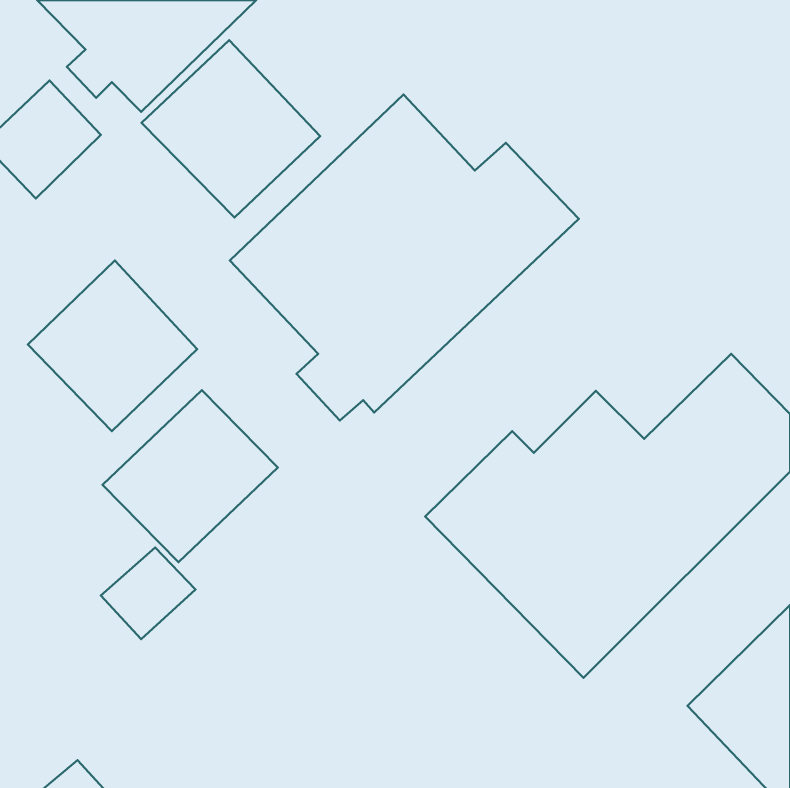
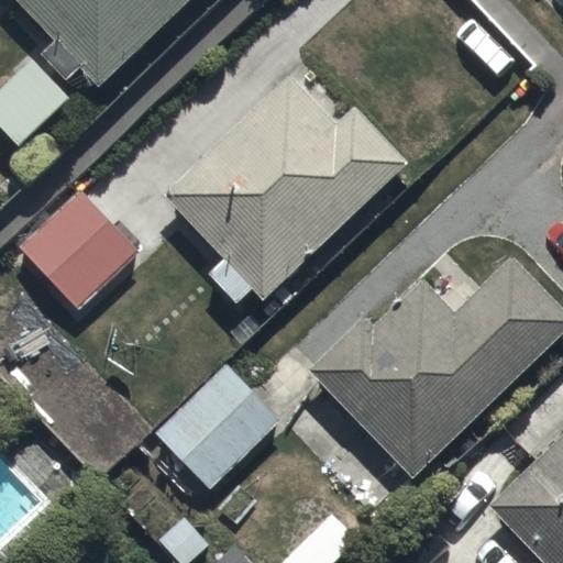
building: [142,40,320,218] -> none
building: [103,390,278,562] -> [156,365,280,487]

